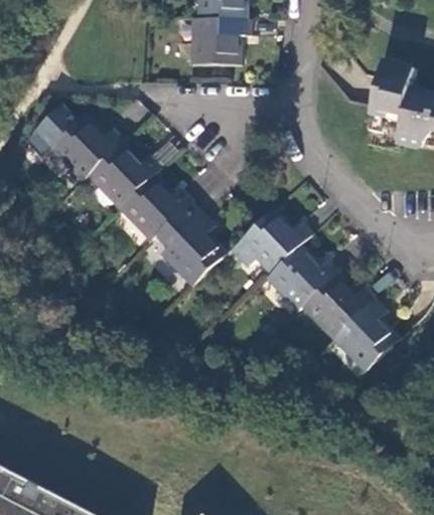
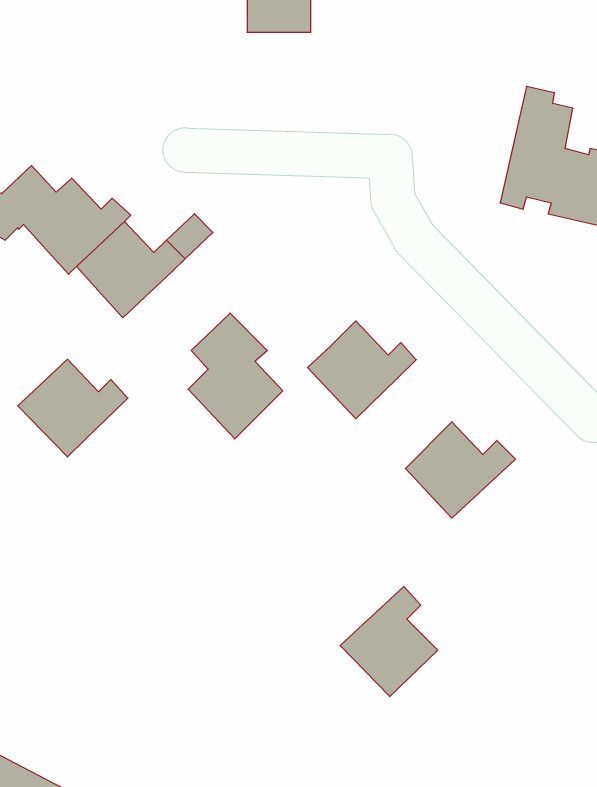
building: [193,20,249,66] -> none
building: [120,176,191,239] -> [18,359,128,457]
building: [267,245,337,308] -> none
building: [333,298,397,369] -> [340,586,438,697]

